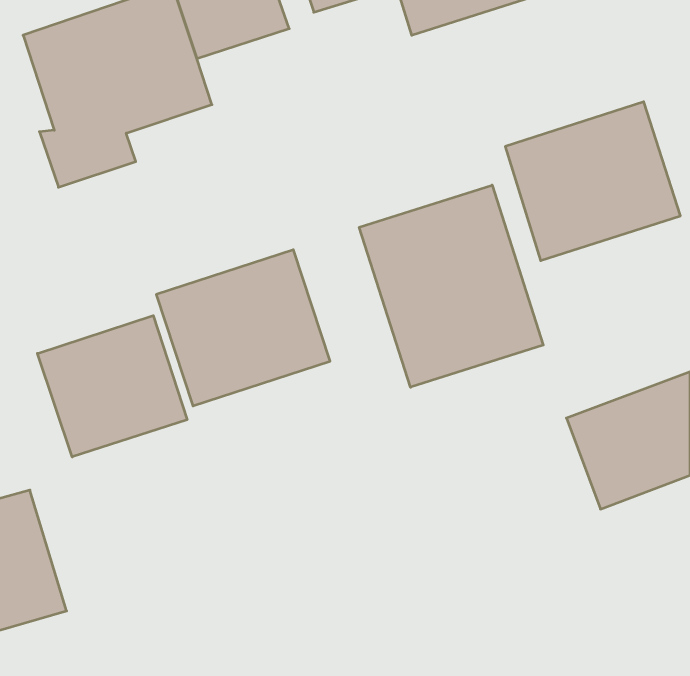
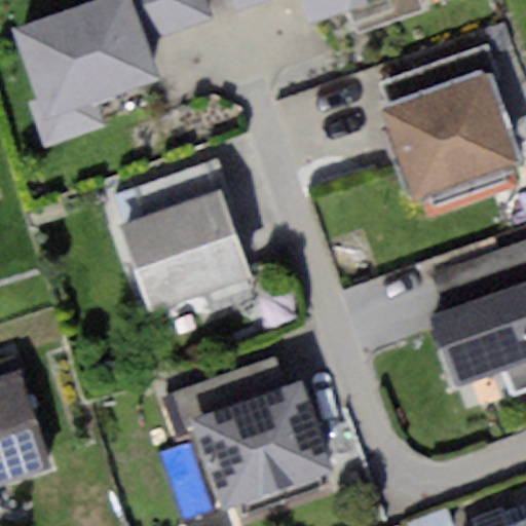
building: [359,185,543,387] -> none
building: [37,316,187,457] -> none
building: none -> [194,381,333,506]

